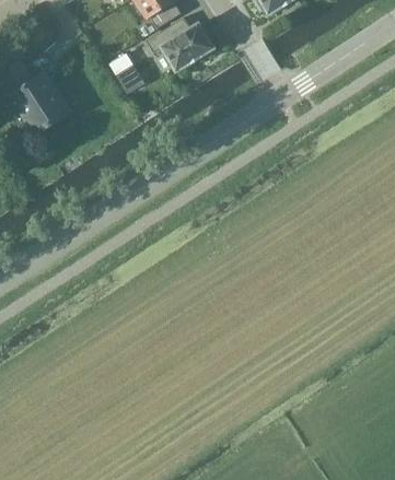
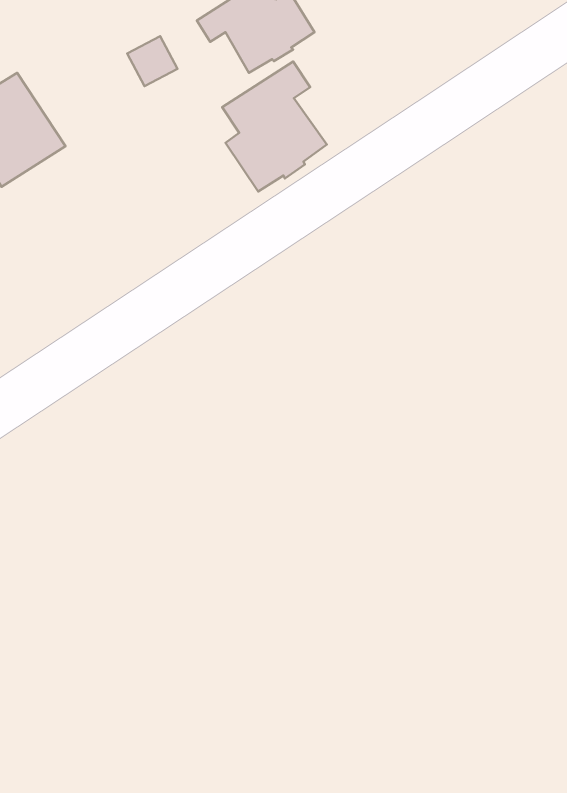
building: none -> [222,61,327,191]

